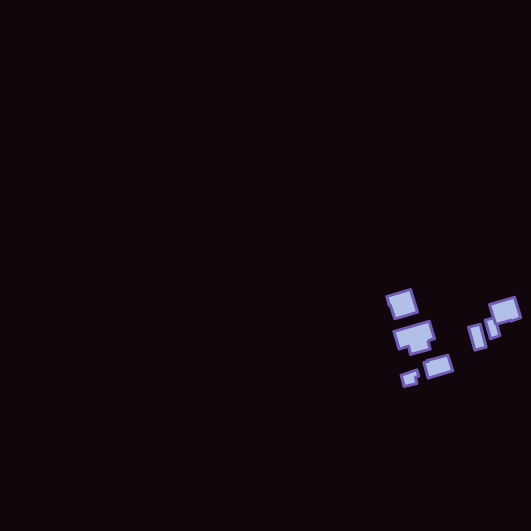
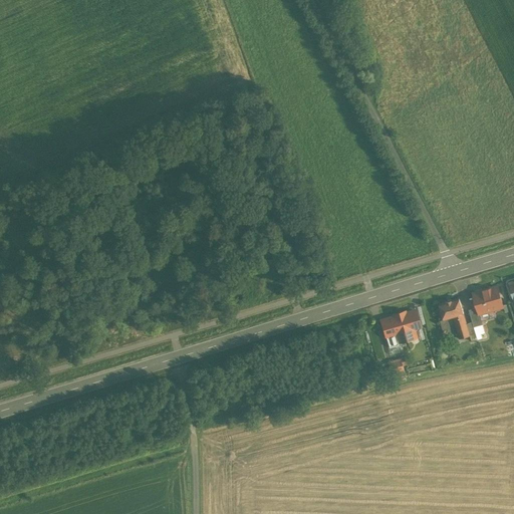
building: [387,289,418,319] -> none
building: [424,355,453,378] -> [436,298,464,320]

